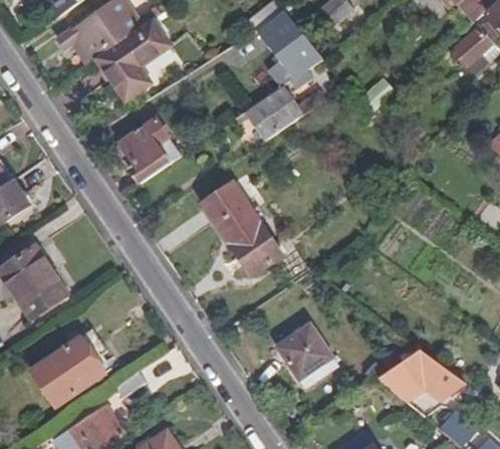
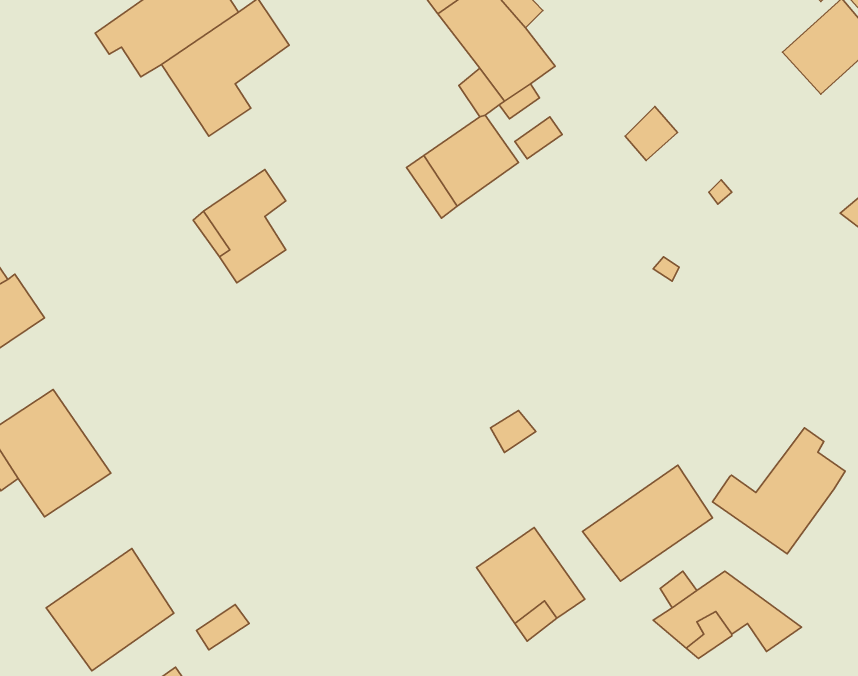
building: [203,182,282,276] -> none
building: none -> [713,428,845,554]
building: none -> [583,465,713,581]

